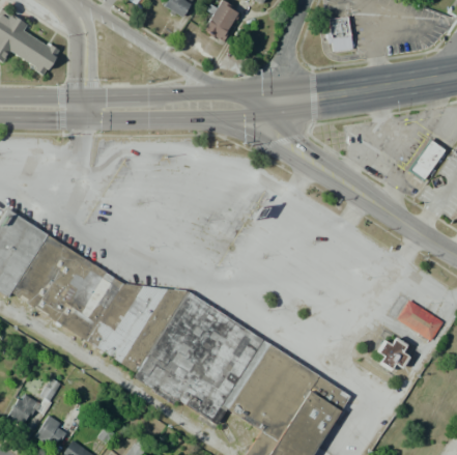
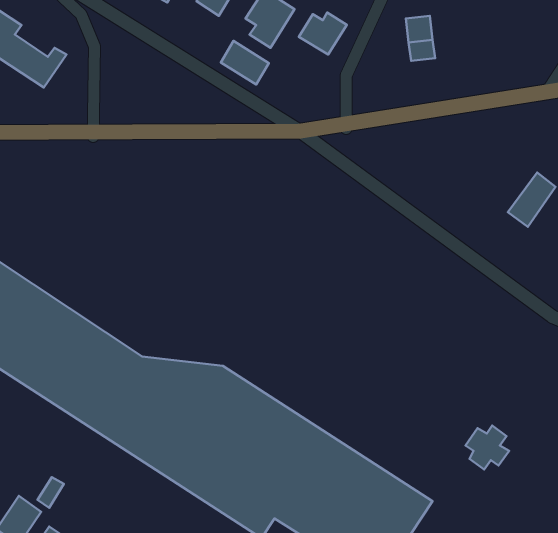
building: none -> [299,12,347,54]
building: none -> [221,41,269,85]
building: [396,300,442,341] -> none

